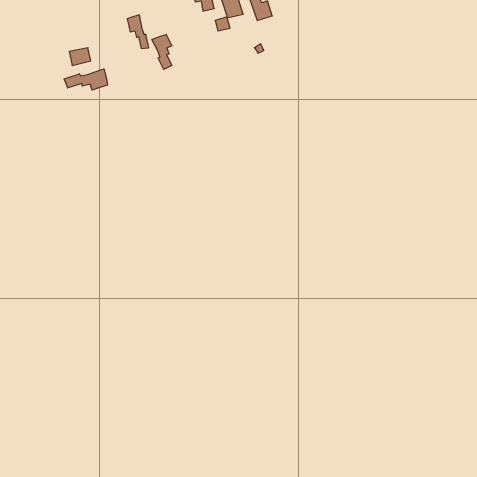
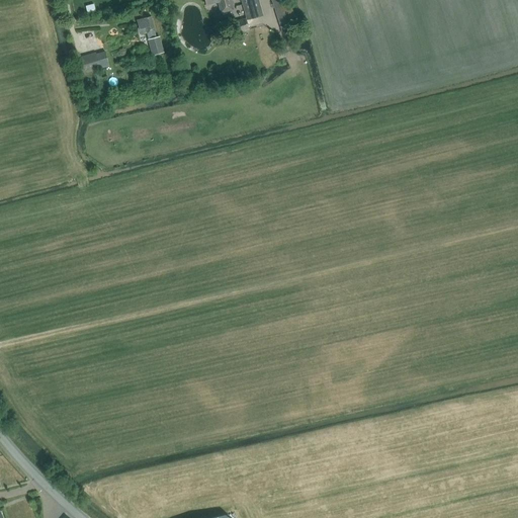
building: [152,34,172,69] -> none
building: [64,69,108,90] -> none

